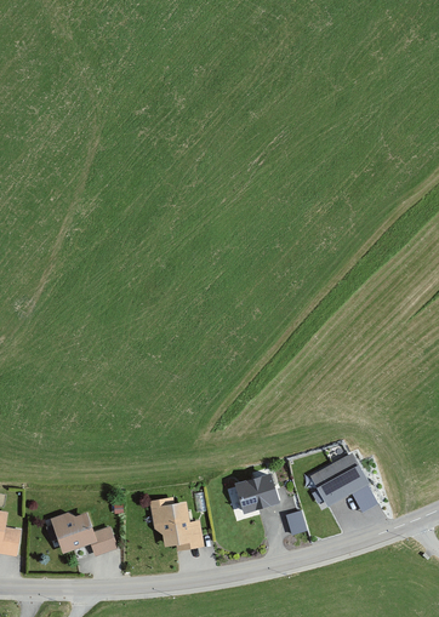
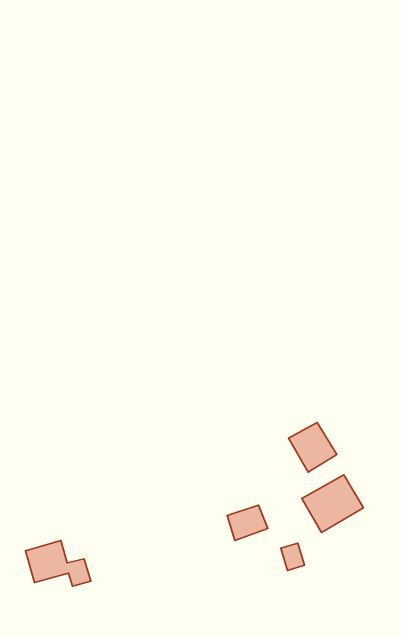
building: none -> [289,422,337,472]
building: [150,498,201,549] -> none

